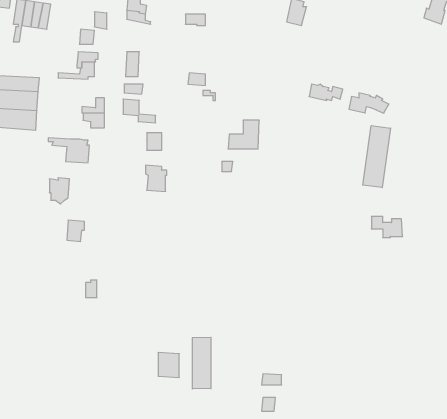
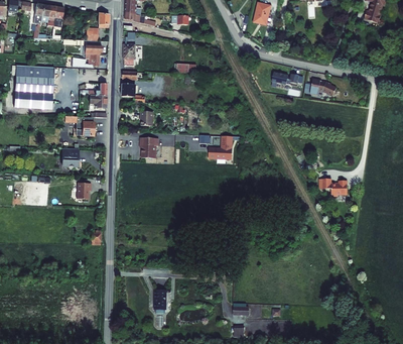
building: [228,120,259,149] -> [210,135,235,158]
building: [363,126,391,188] -> none
building: [192,337,211,389] -> none

